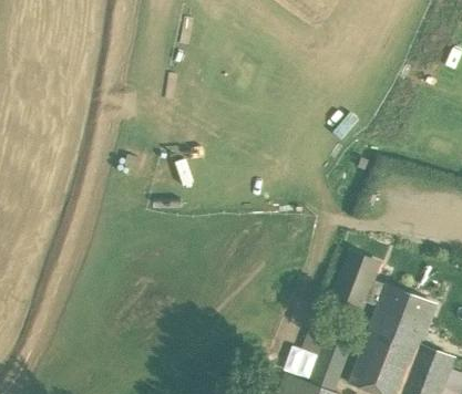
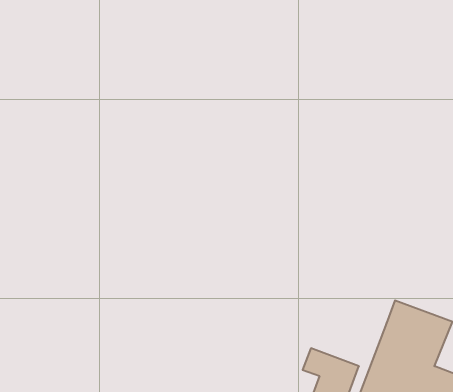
building: [333,253,386,309] -> none

